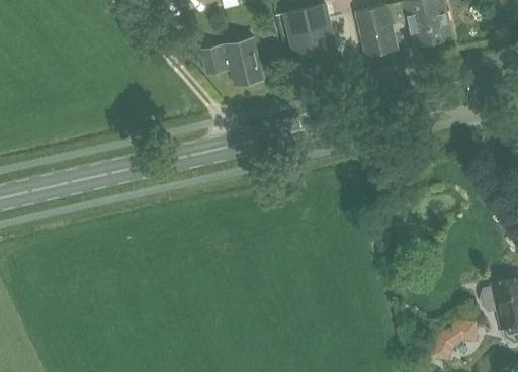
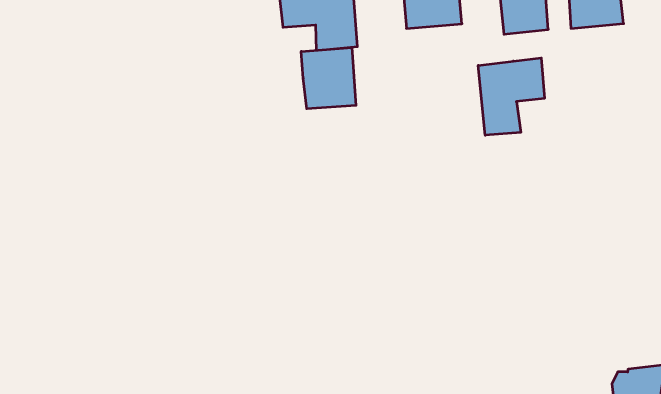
building: none -> [478,58,544,135]
building: none -> [301,48,356,109]

